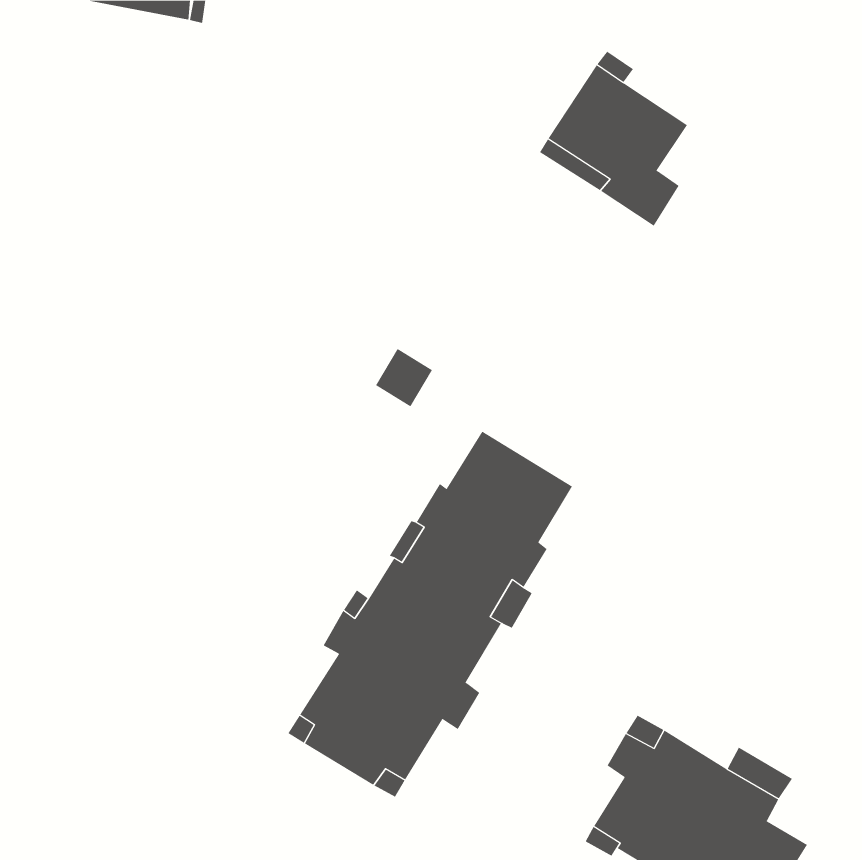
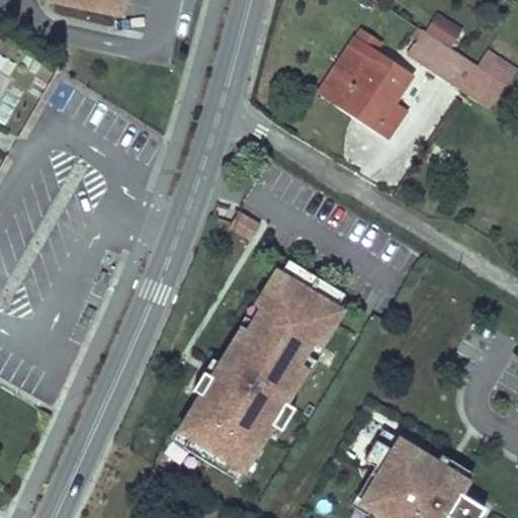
building: none -> [410,26,503,104]

